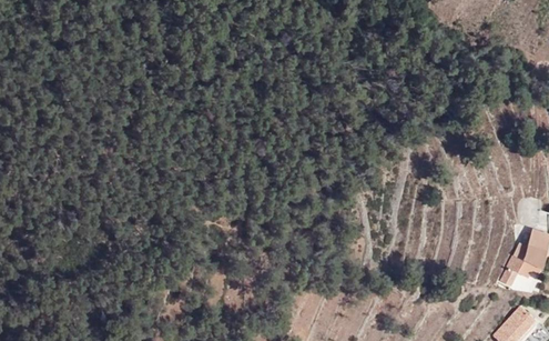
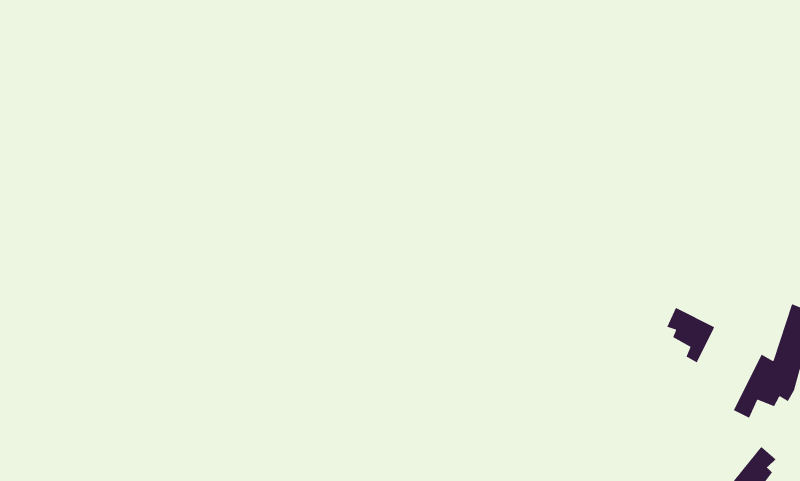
building: none -> [666,307,715,363]

